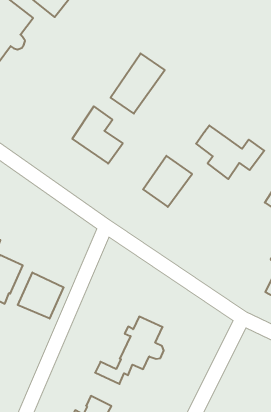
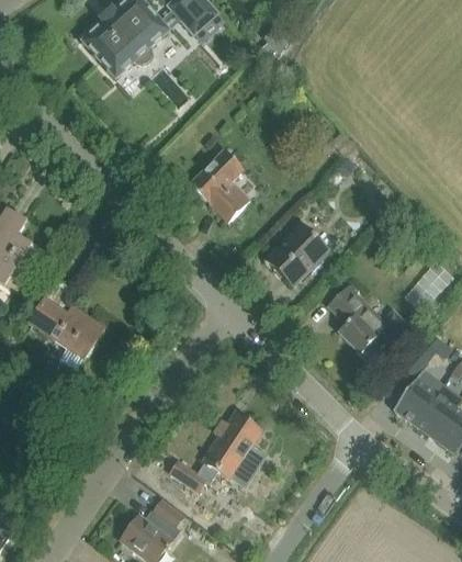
building: [111,53,165,114] -> none
building: [196,125,264,179] -> [328,284,409,353]
building: [18,272,64,319] -> none

